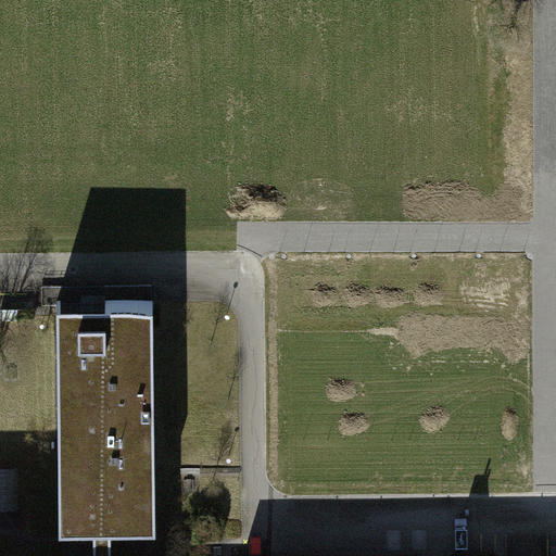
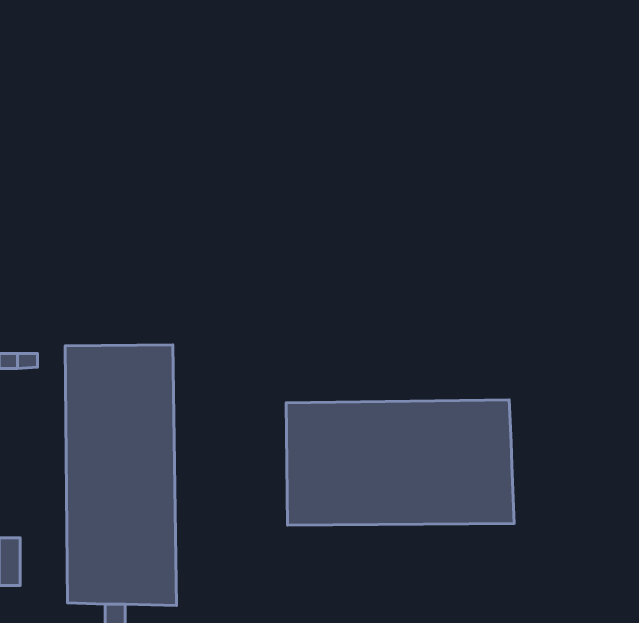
building: none -> [286,400,514,525]

